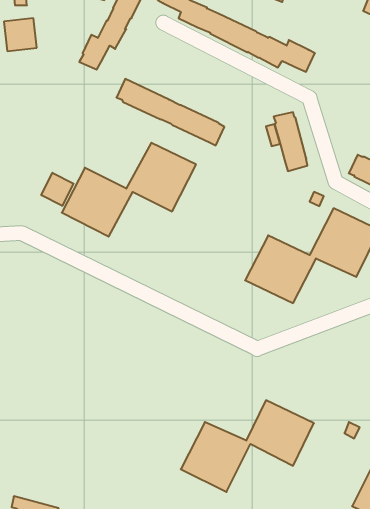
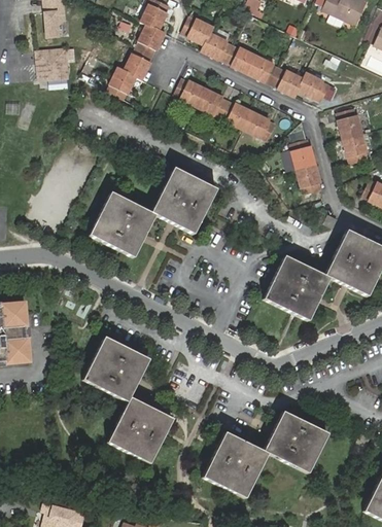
building: [116,79,224,145] -> [174,77,276,140]
building: none -> [336,108,369,164]
building: [41,173,74,206] -> none
building: none -> [83,337,174,462]

